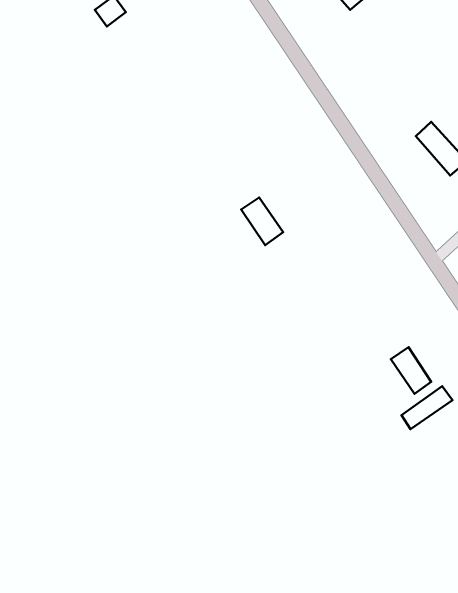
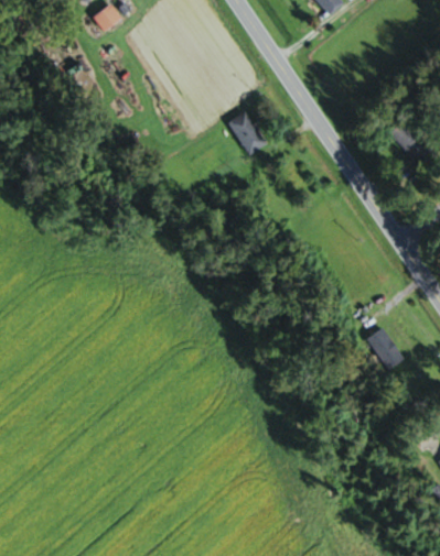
building: [241,198,283,245] -> [228,110,267,154]
building: [401,386,452,429] -> none

